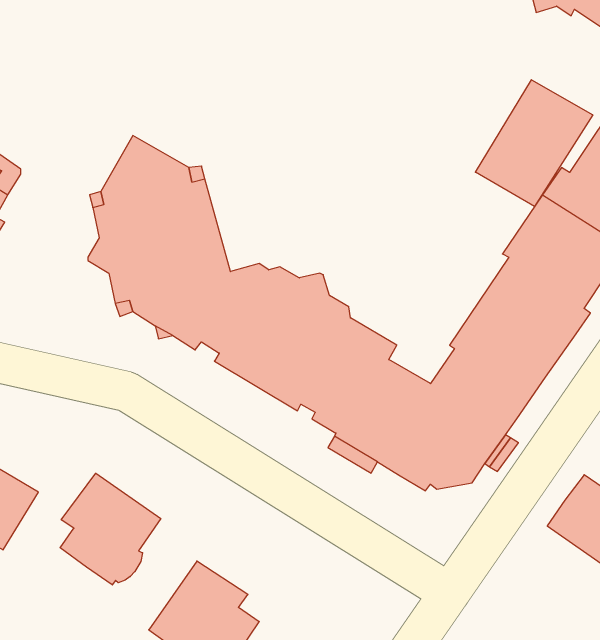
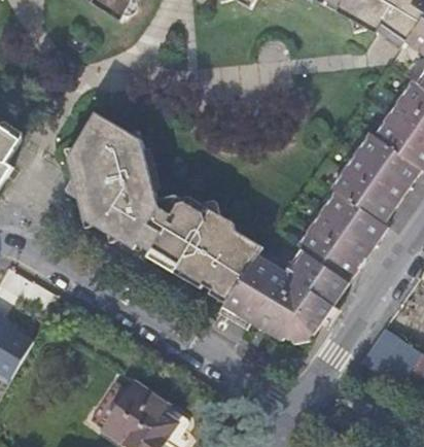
building: [475,80,593,207] -> none
building: [60,473,161,585] -> none

